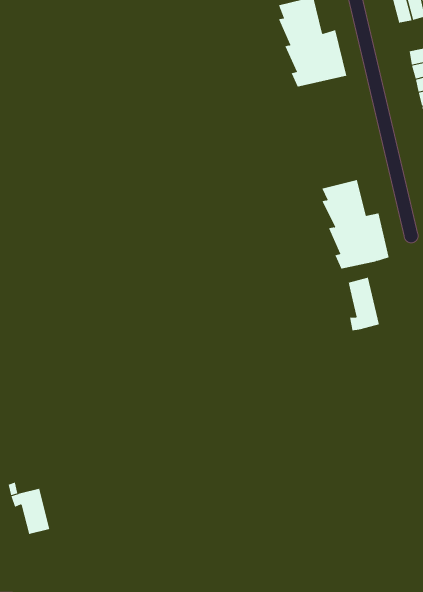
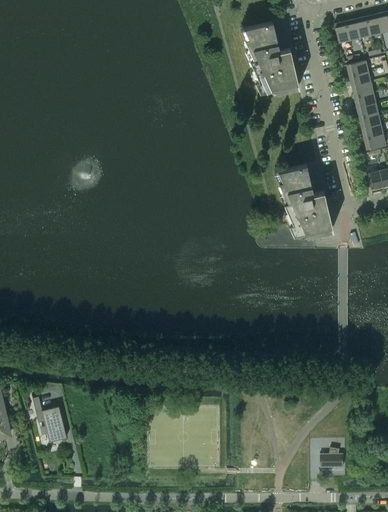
building: [348,277,380,331] -> none
building: none -> [320,447,343,468]

